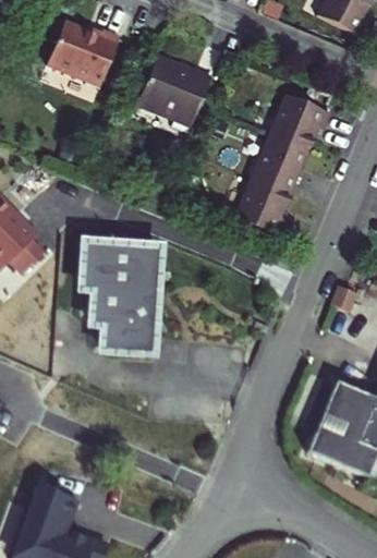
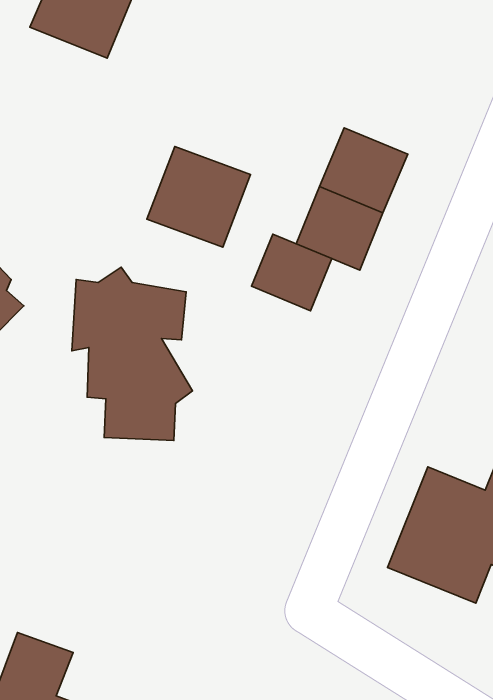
building: [139,54,212,125] -> [147,147,251,247]
building: [269,93,331,153] -> none
building: none -> [252,234,332,311]

